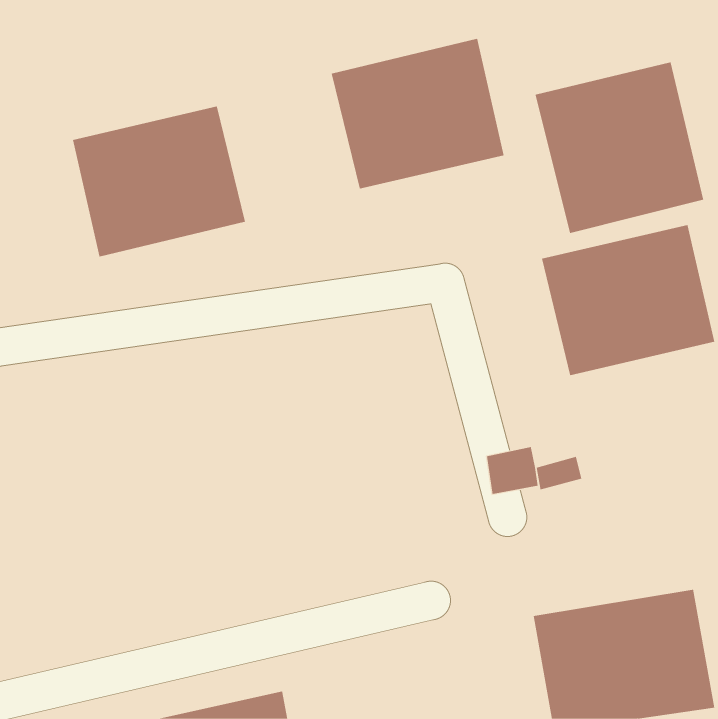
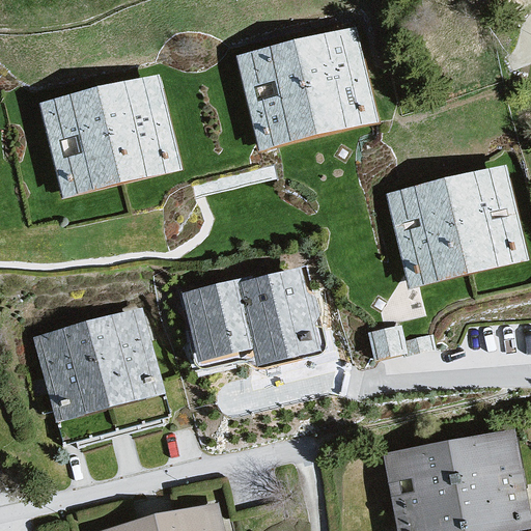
building: [535,62,704,234] -> none
building: none -> [186,267,315,354]
building: none -> [31,310,159,421]

